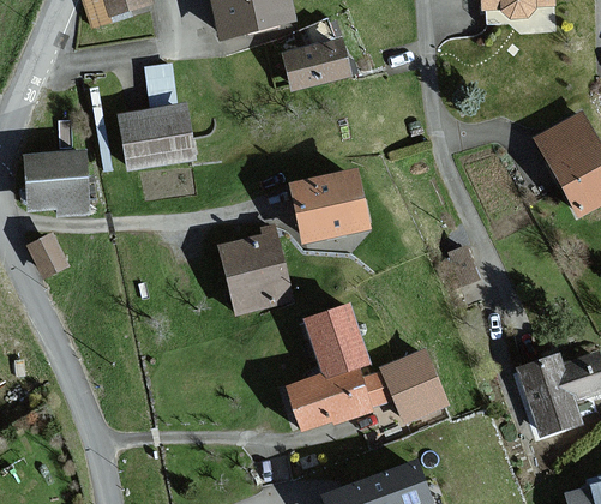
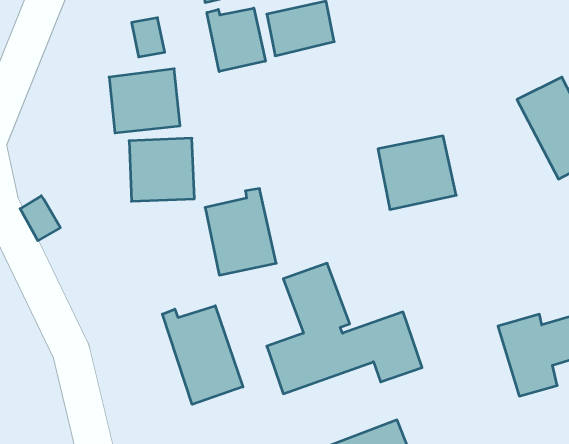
building: none -> [207,8,265,72]
building: [25,150,91,214] -> [129,138,194,201]
building: [287,169,366,244] -> [378,136,456,209]
building: none -> [162,306,243,404]

